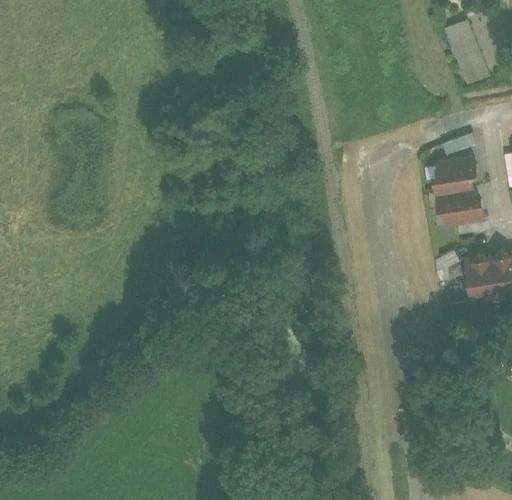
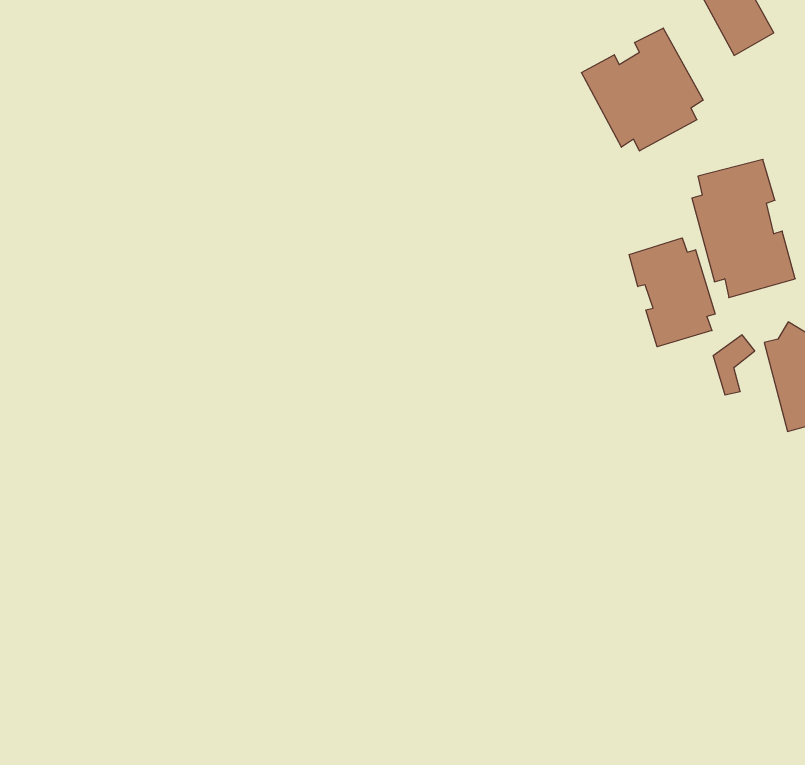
building: none -> [581,28,703,151]
building: none -> [629,238,715,347]

